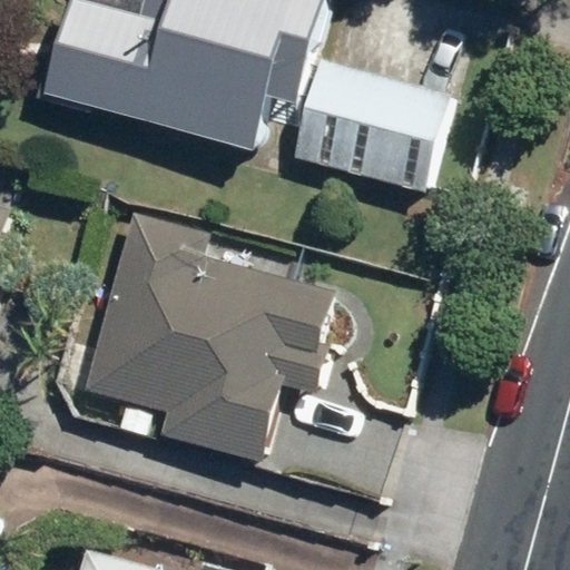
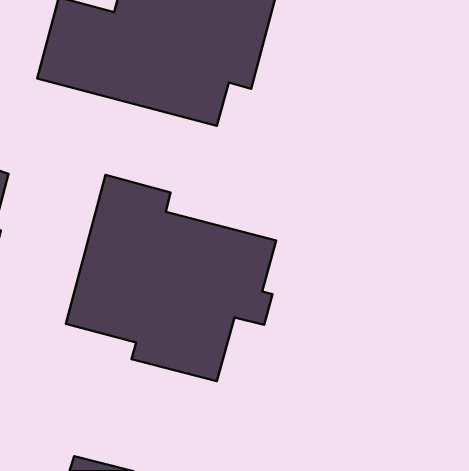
building: [293,60,448,190] -> none

